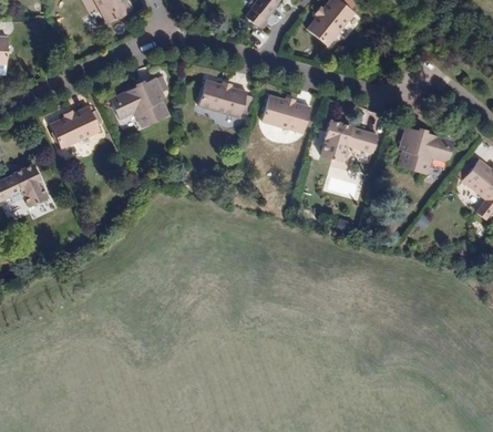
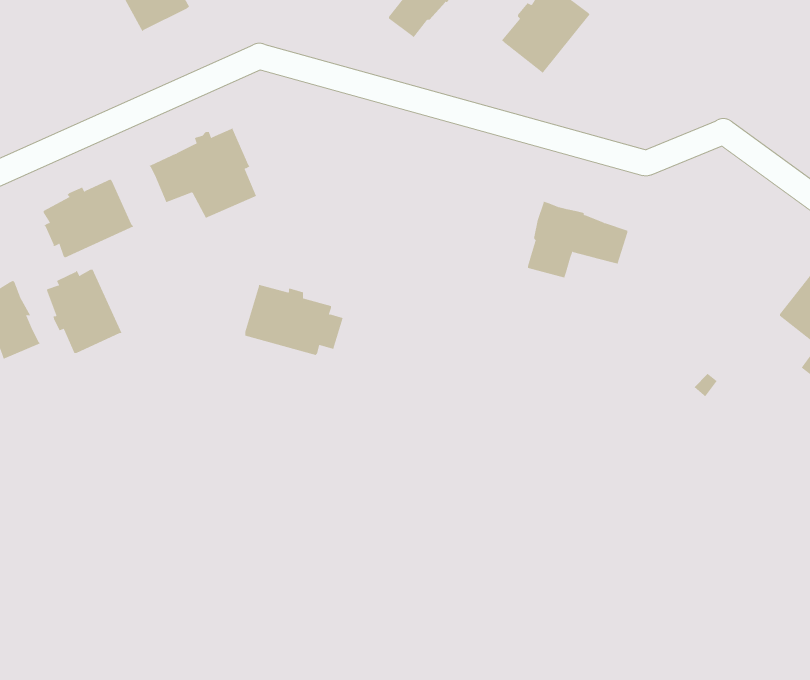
building: [199,79,255,119] -> [244,284,344,356]
building: [263,94,311,135] -> none
building: [400,128,456,176] -> none
building: none -> [46,269,122,354]

